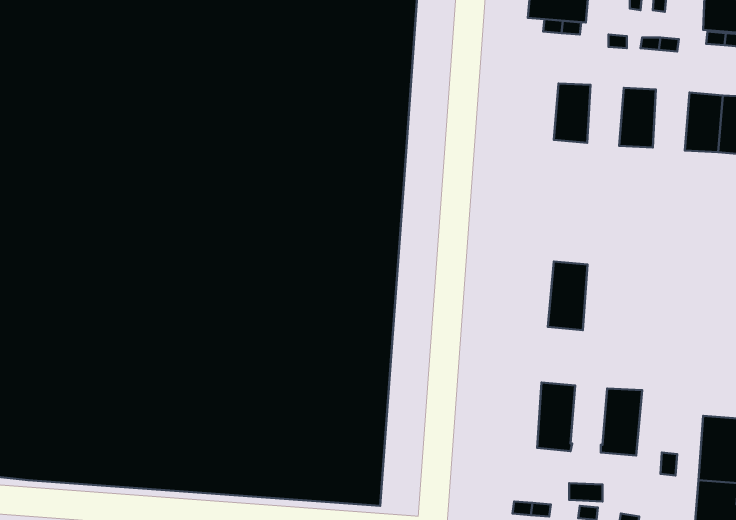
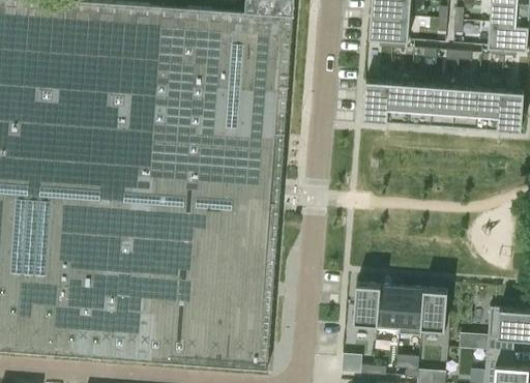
building: none -> [361,82,388,122]
building: none -> [408,85,433,126]
building: none -> [452,88,477,129]
building: [548,261,587,330] -> [350,285,377,331]
building: none -> [396,289,421,329]

